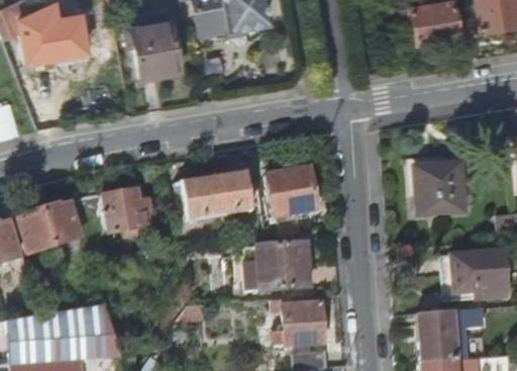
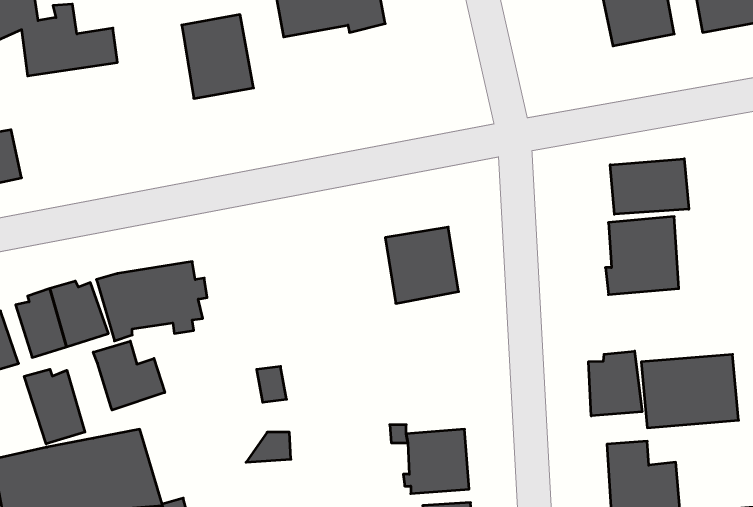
building: none -> [610,159,689,214]
building: [182,171,252,219] -> none
building: [257,242,313,291] -> none
building: none -> [93,341,165,410]
building: none -> [589,351,642,416]
building: none -> [24,369,85,444]

